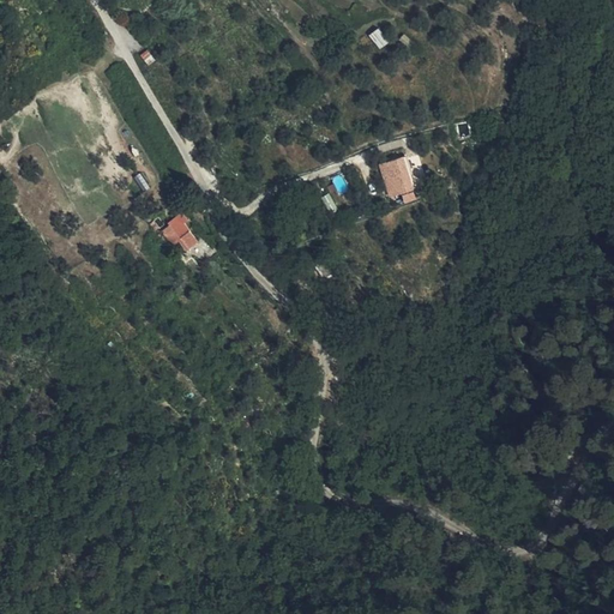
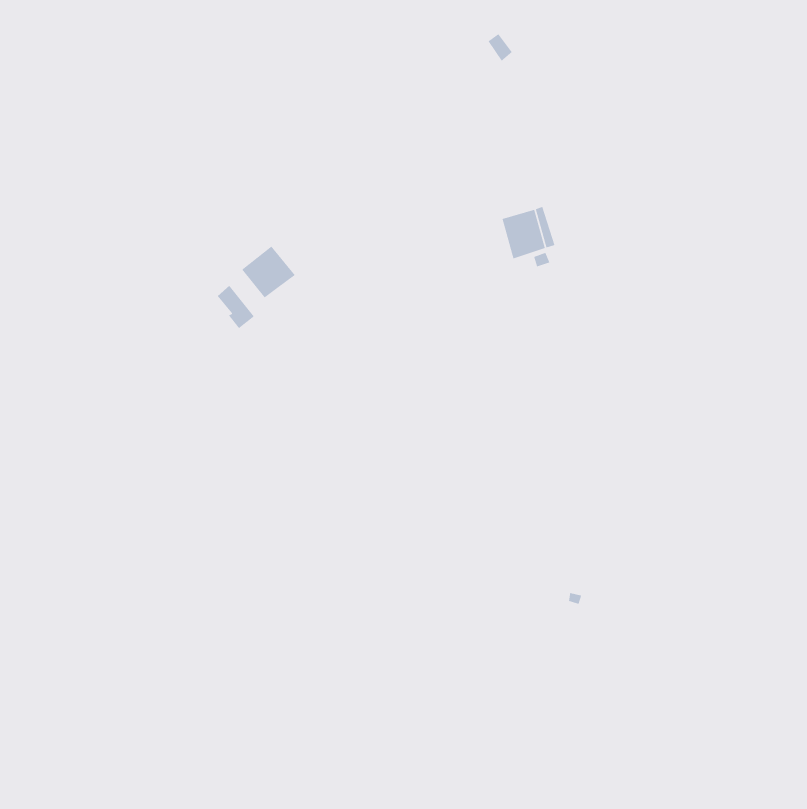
building: none -> [241,245,296,298]

